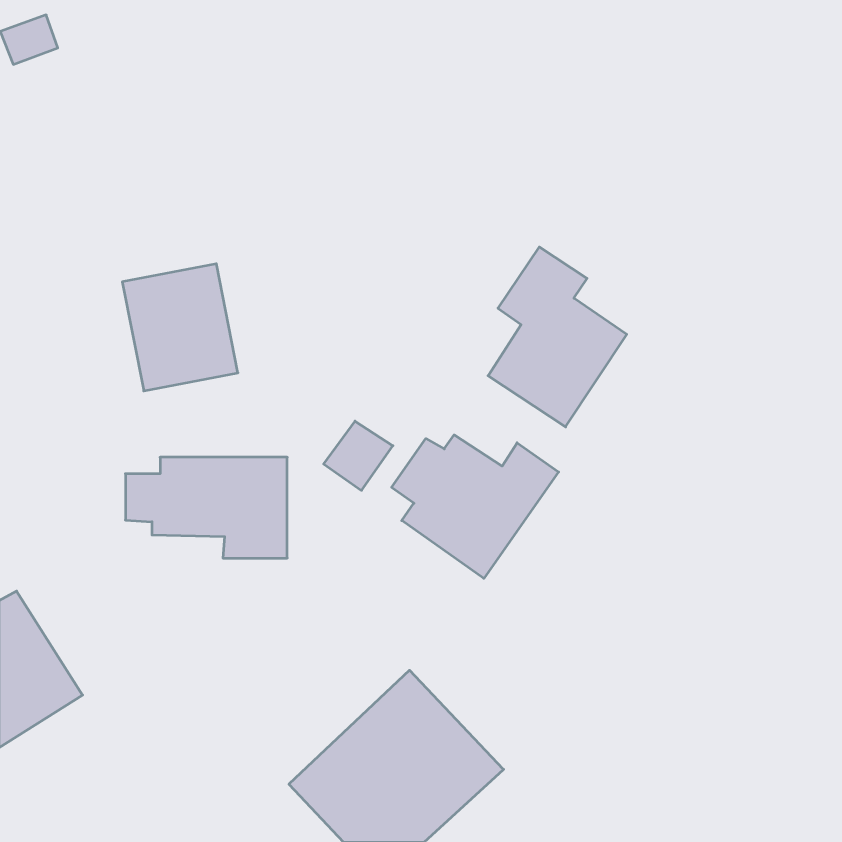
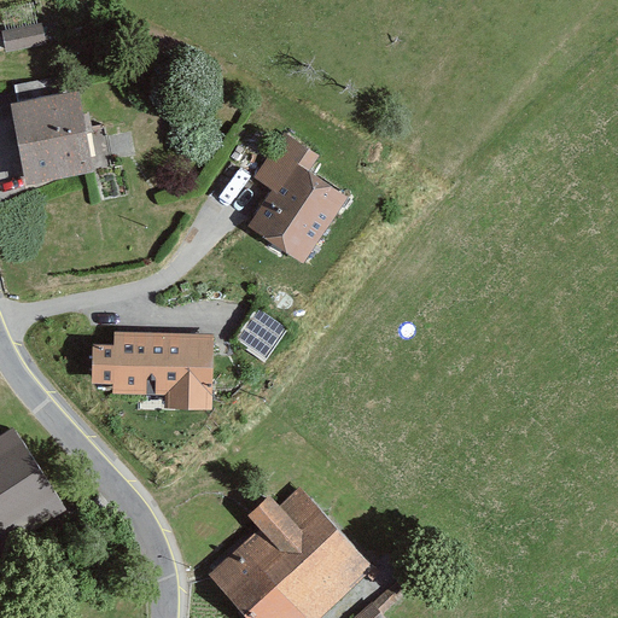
building: [488,247,627,427] -> [245,133,346,264]
building: [122,264,238,391] -> [8,92,93,185]
building: [392,435,559,578] -> none

